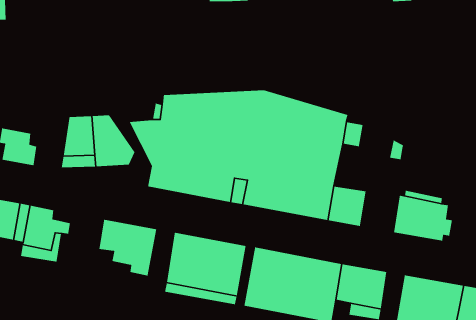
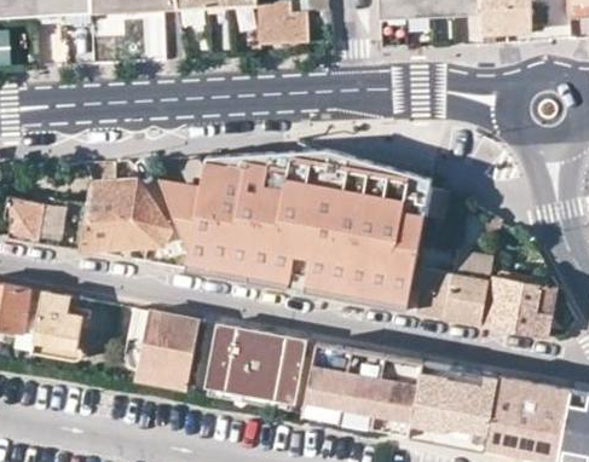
building: none -> [445,249,492,324]
building: none -> [125,346,186,391]

